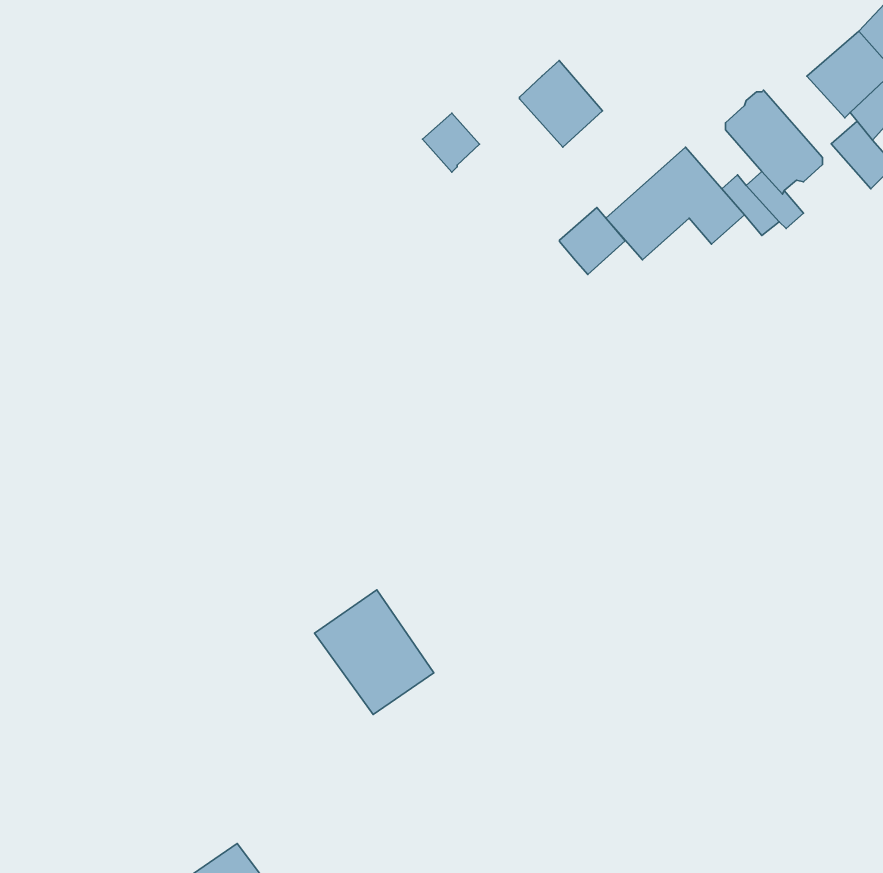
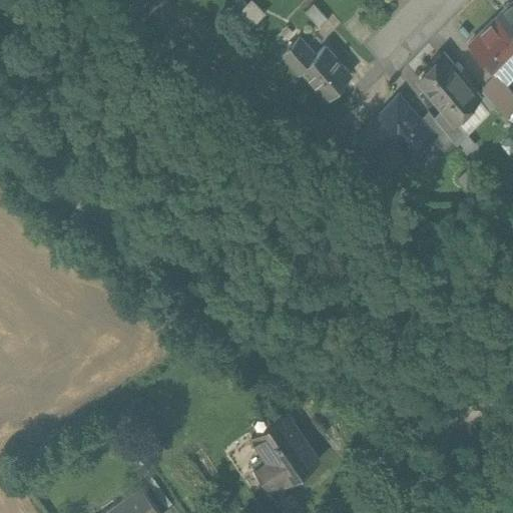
building: [422,113,480,172] -> [282,33,315,67]
building: [560,208,625,275] -> none
building: [314,590,434,714] -> [248,420,318,492]

